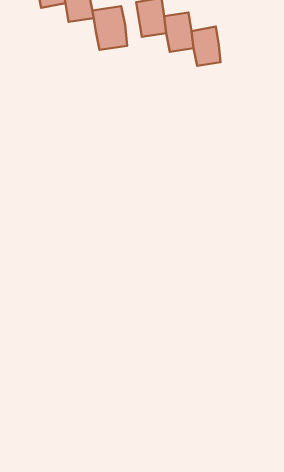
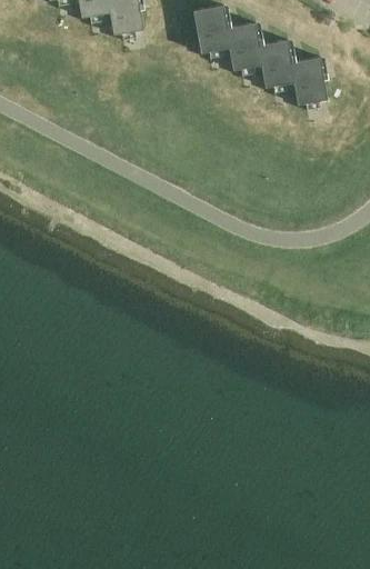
building: [93,6,127,50] -> none
building: none -> [291,57,328,103]

